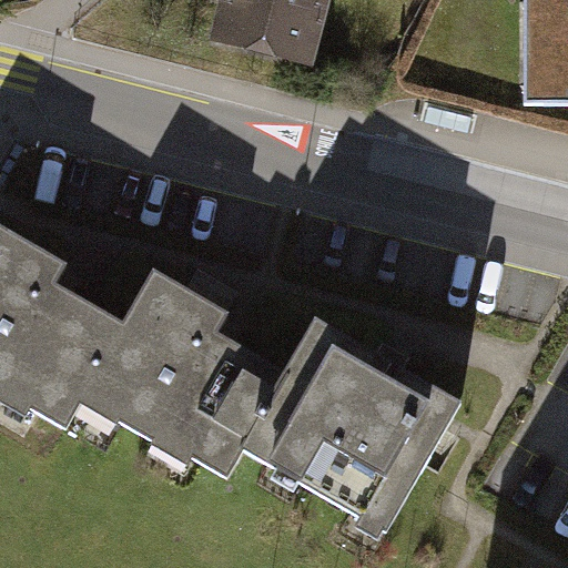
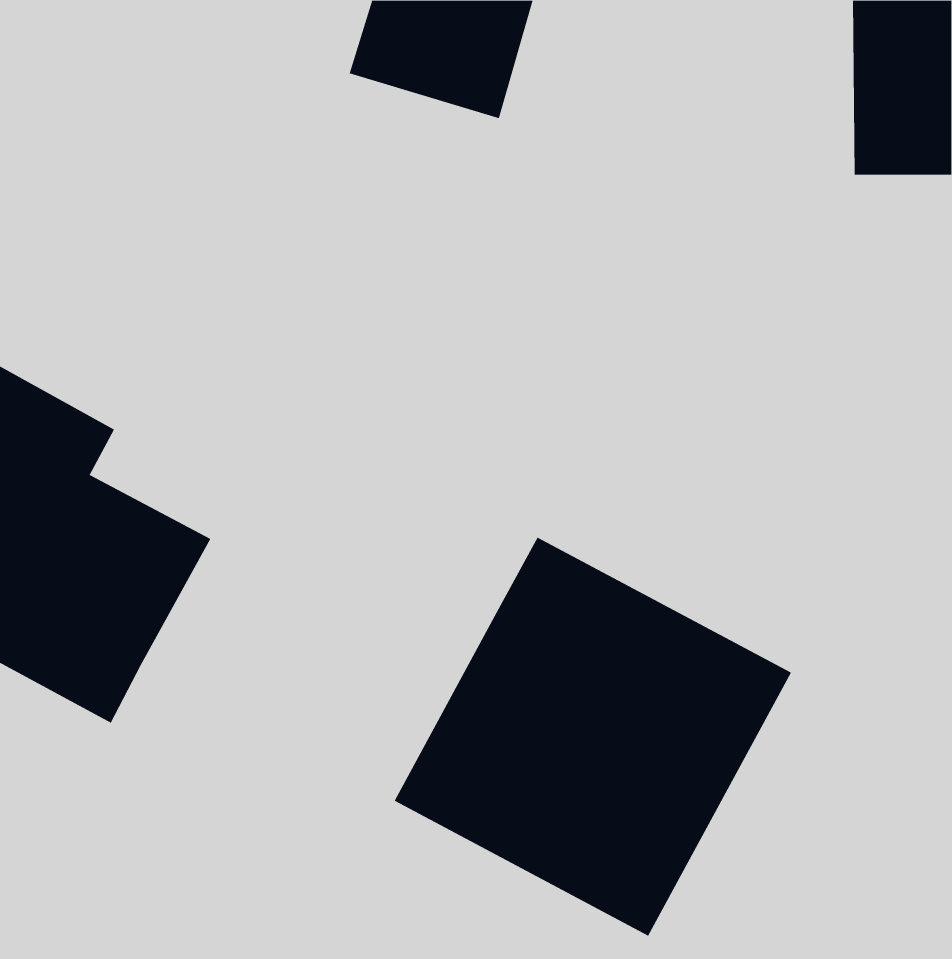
building: [83,265,291,474] -> none

